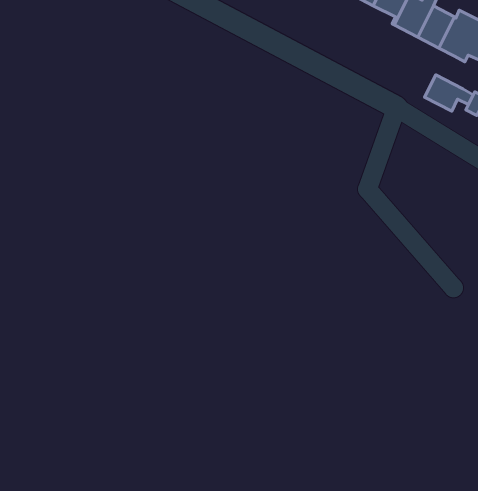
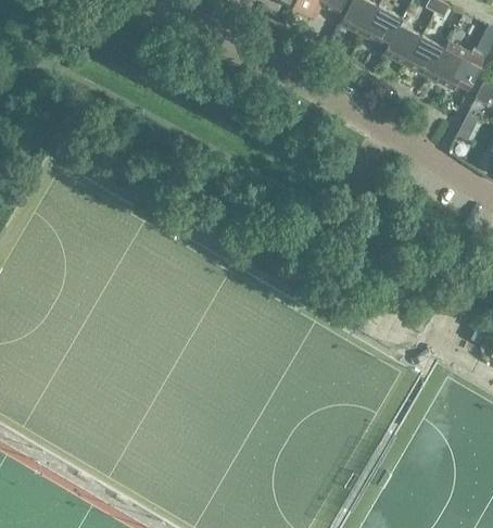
building: [425,75,473,111] -> none

